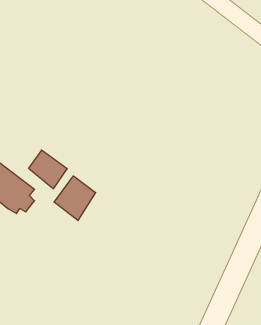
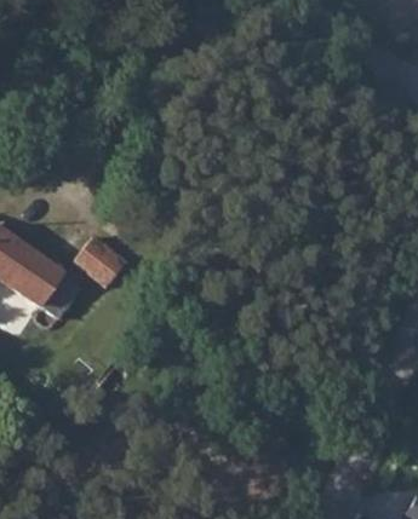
building: [54,176,96,221] -> none

